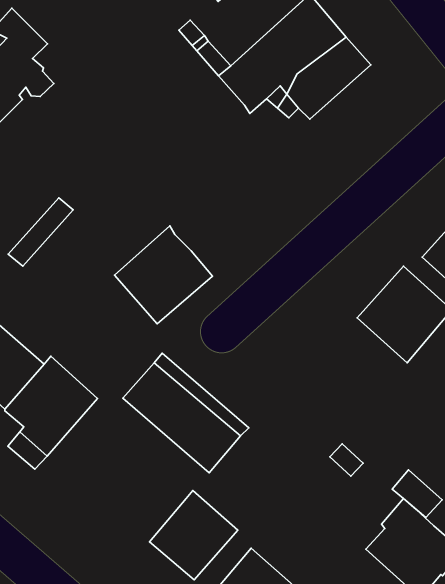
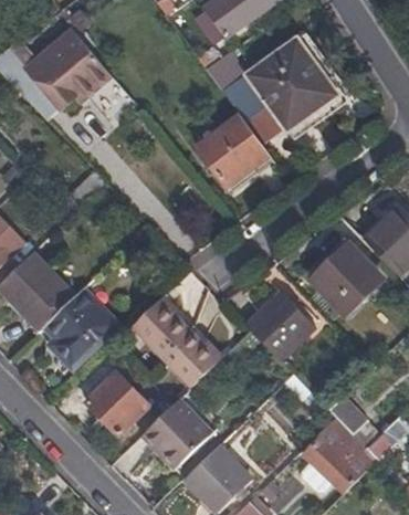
building: [114,226,213,324] -> [197,115,270,187]
building: none -> [248,293,316,361]
building: none -> [86,372,148,434]

